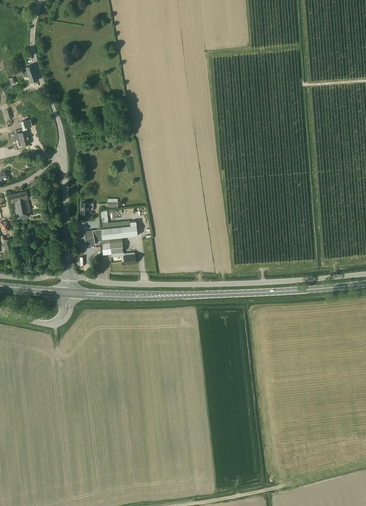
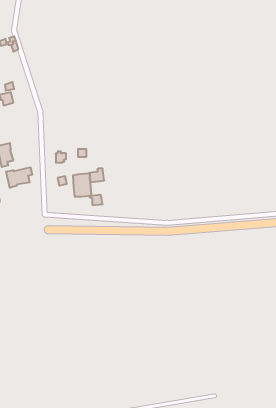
building: none -> [6,167,32,188]

